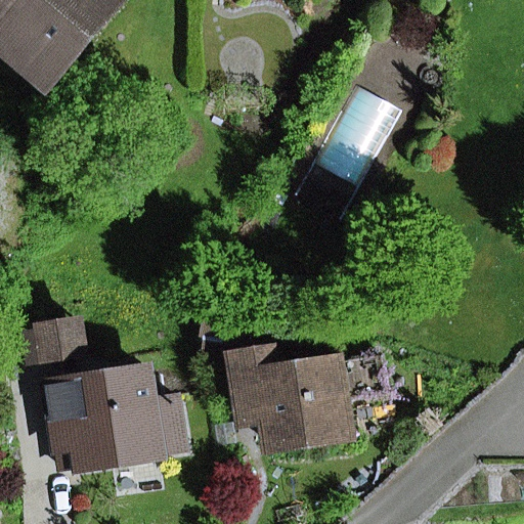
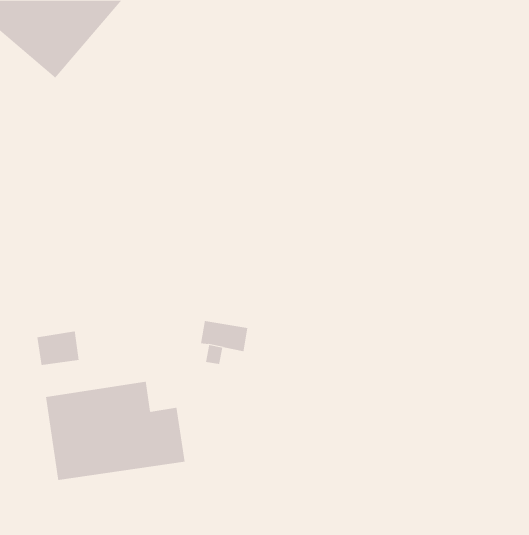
building: [230,352,384,447] -> none

